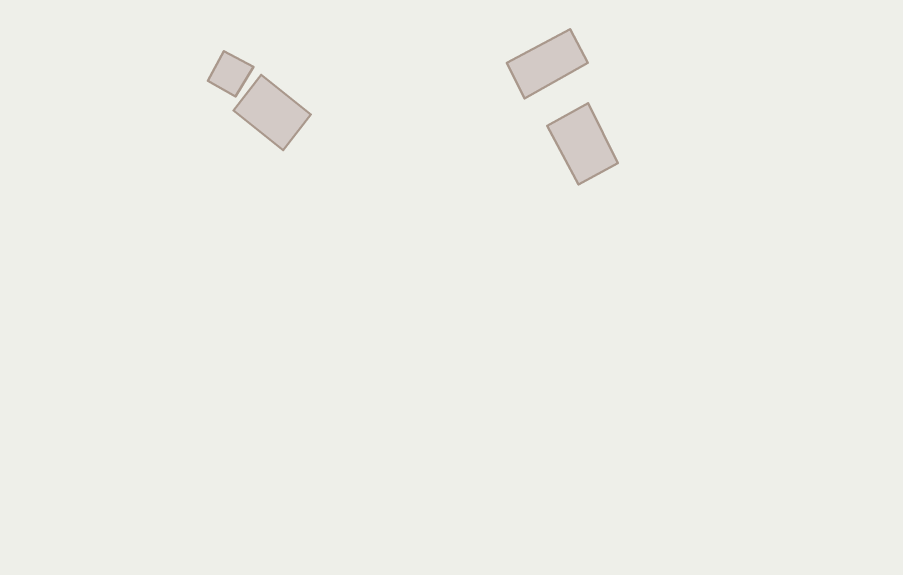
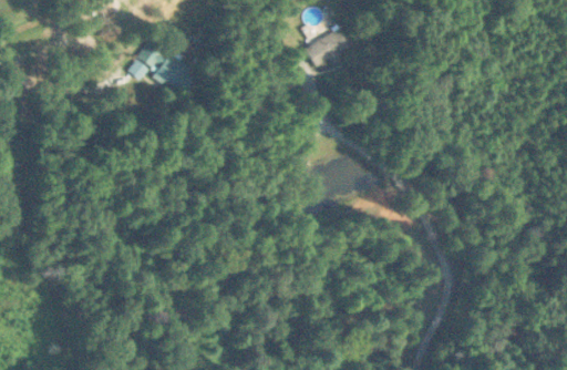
building: [547,103,618,184] -> none

